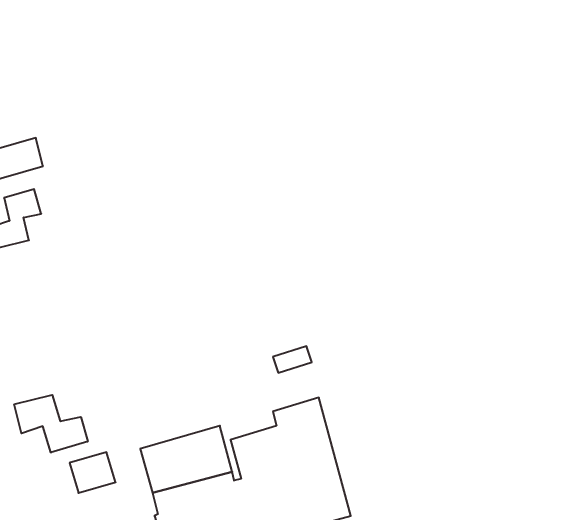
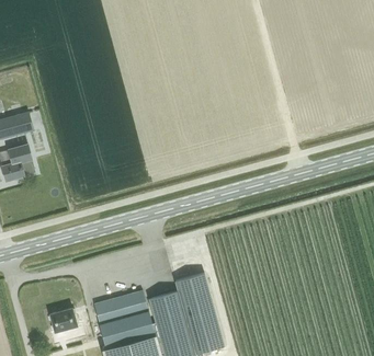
building: [14,395,88,453] -> none

